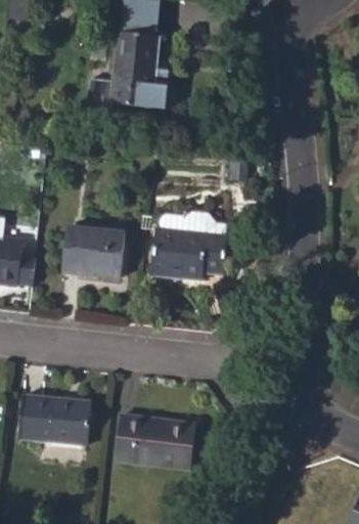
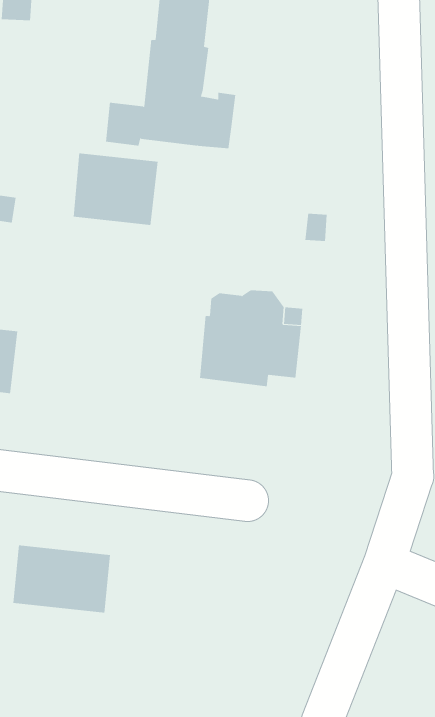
building: [63,227,125,279] -> [73,153,158,225]
building: [115,414,194,469] -> none

